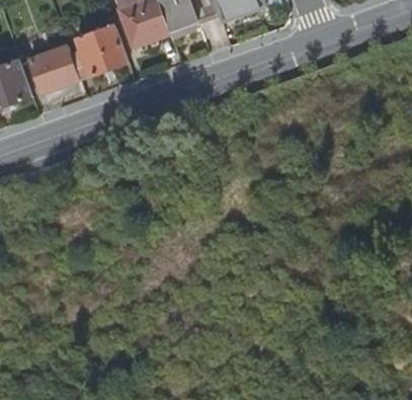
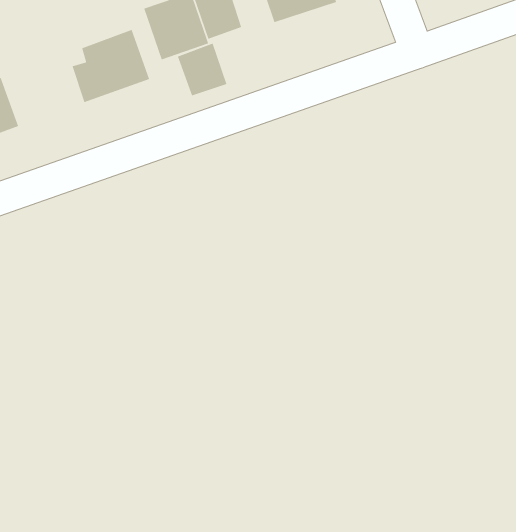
building: none -> [177,42,228,96]
building: [28,47,78,91] -> none

